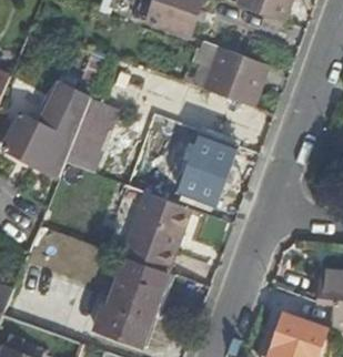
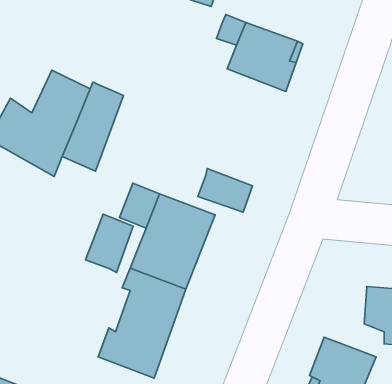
building: [168,133,232,185] -> none
building: none -> [85,214,133,272]

